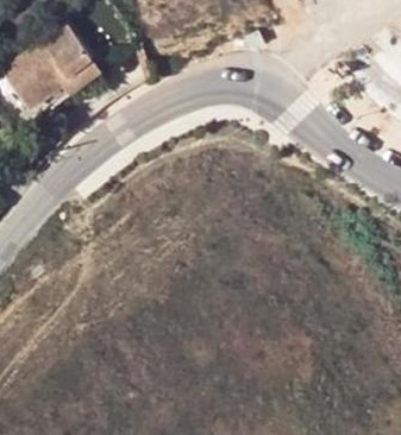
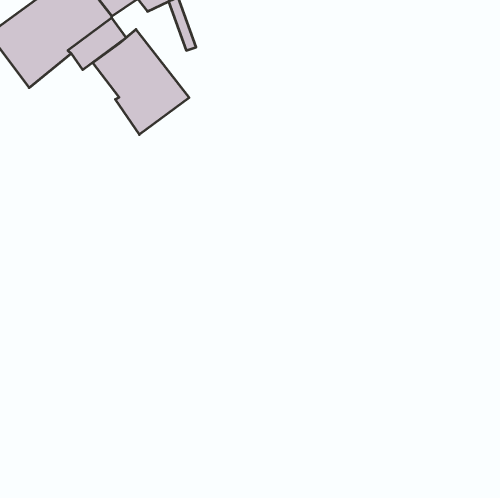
building: none -> [93,29,189,135]

